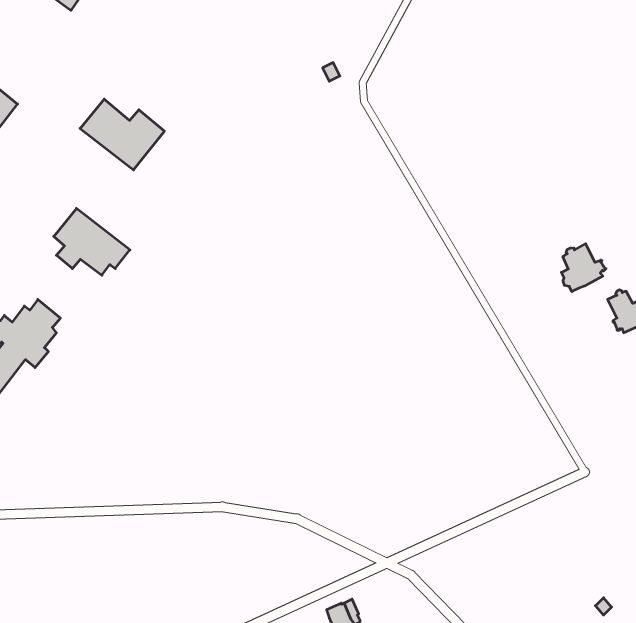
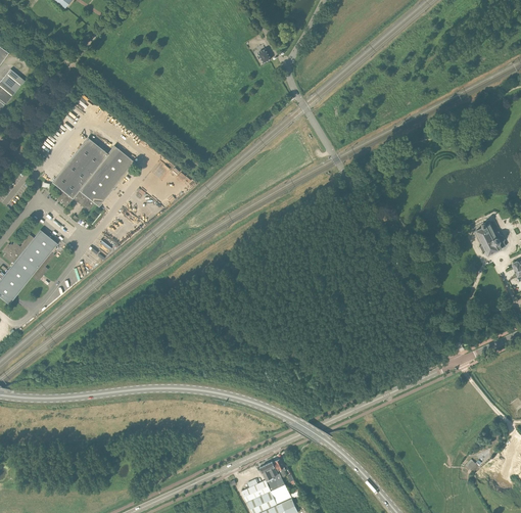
building: [80,99,164,170] -> [69,137,134,191]
building: [561,244,606,292] -> none

